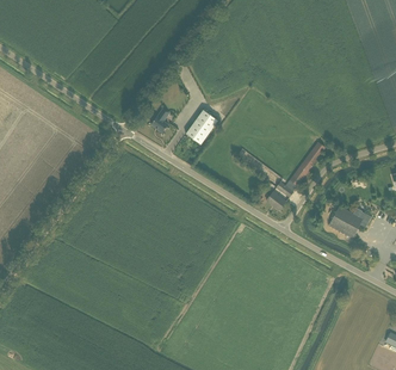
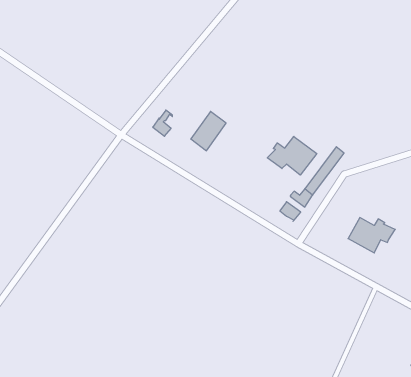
building: none -> [267,136,317,175]

